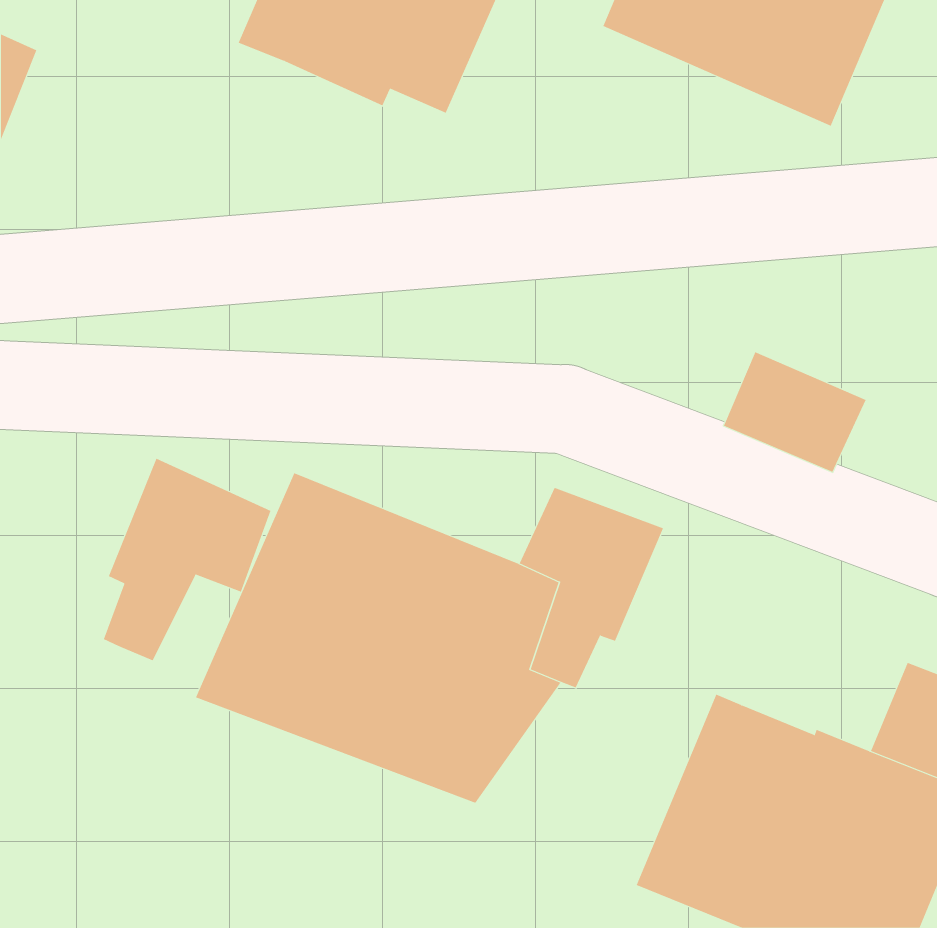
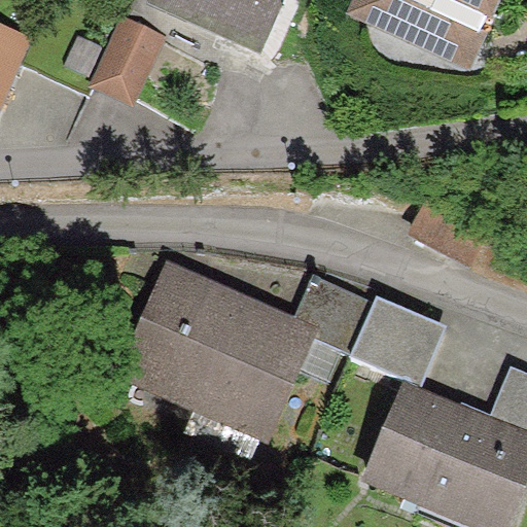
building: none -> [87,14,165,105]
building: [103,458,271,661] -> none
building: none -> [346,292,447,390]

